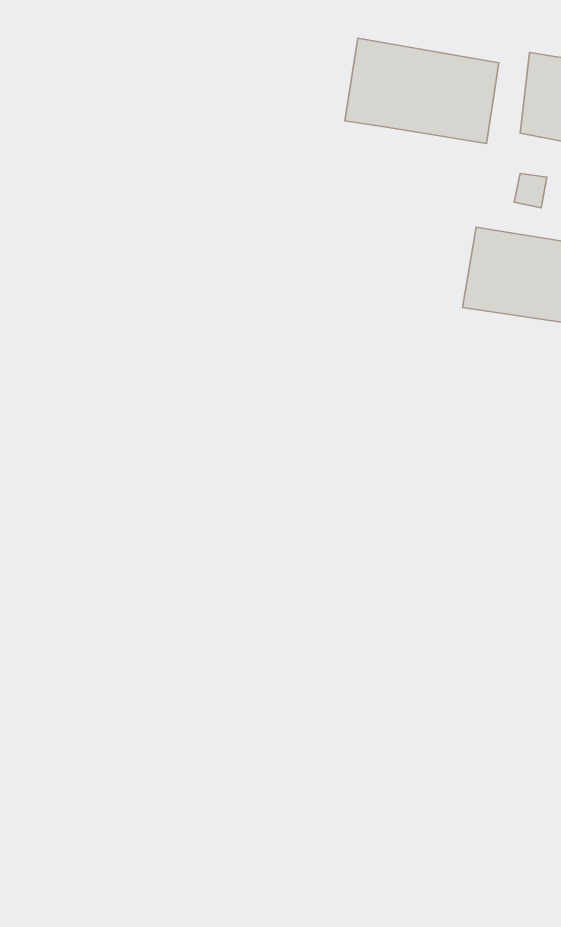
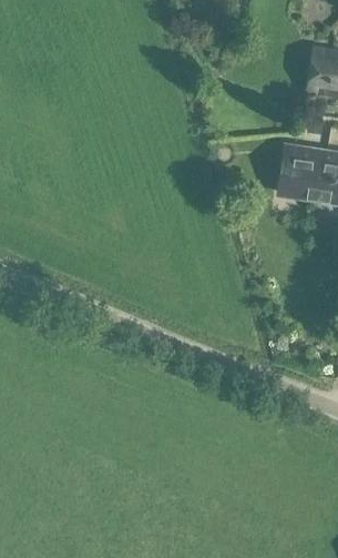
building: [345,38,499,143] -> none

